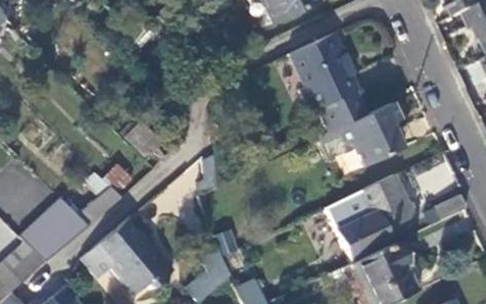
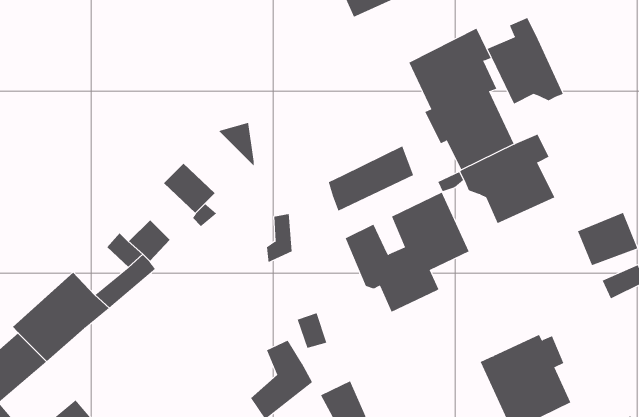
building: none -> [487,17,563,104]
building: none -> [328,145,414,212]
building: [325,173,412,258] -> [345,192,470,312]
building: [85,218,177,293] -> none

